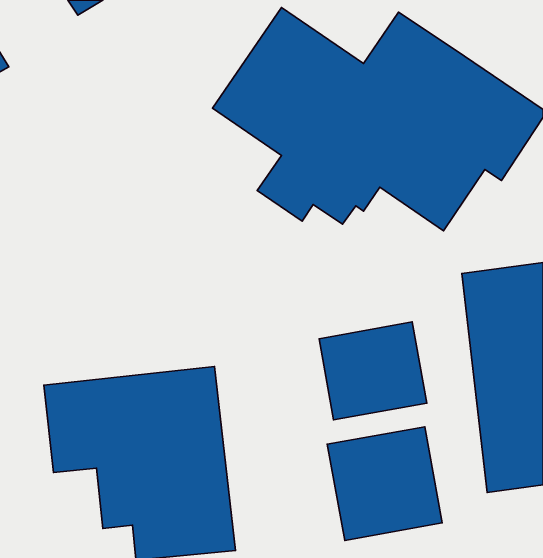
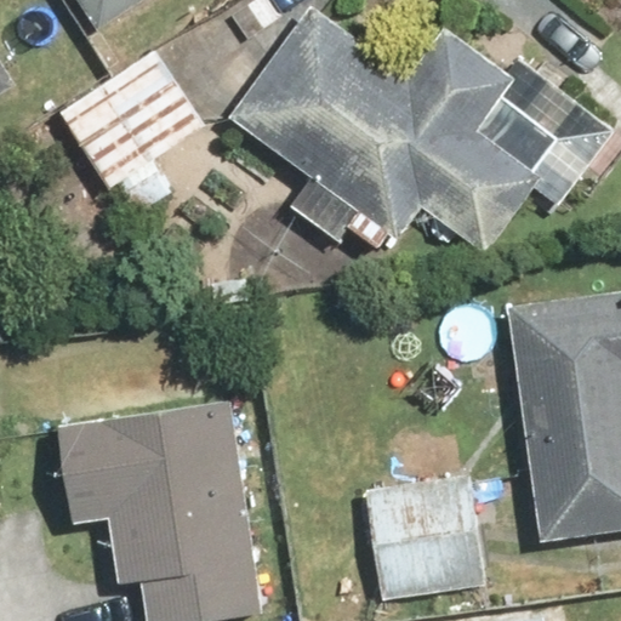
building: none -> [55,49,209,194]
building: [319,322,427,420] -> none

